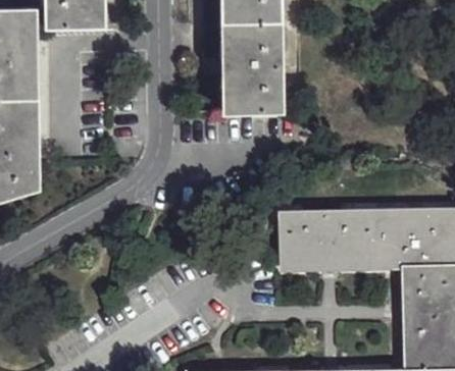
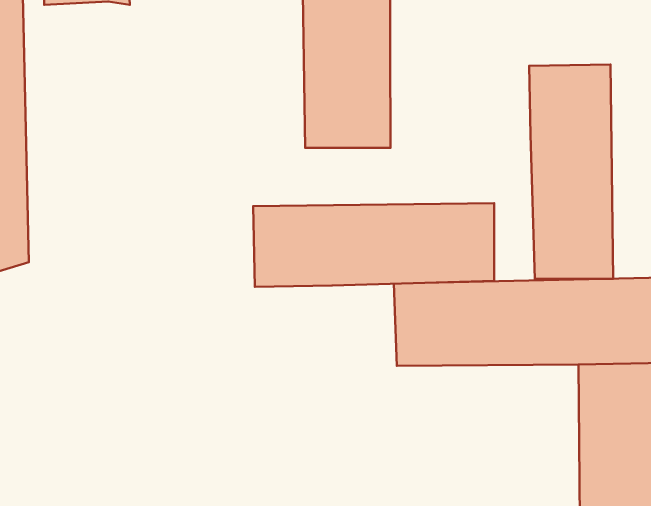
building: none -> [529,64,613,279]
building: none -> [253,203,494,287]

